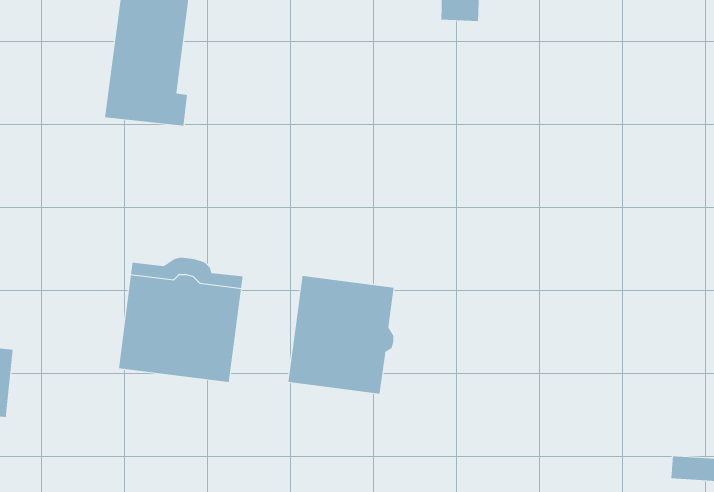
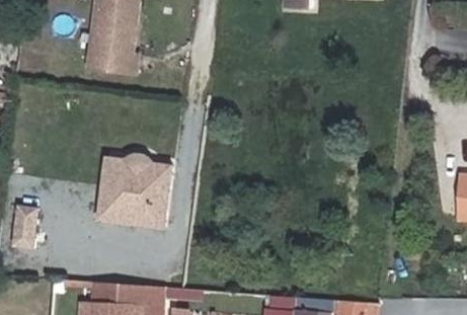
building: [288,275,394,394] -> none

